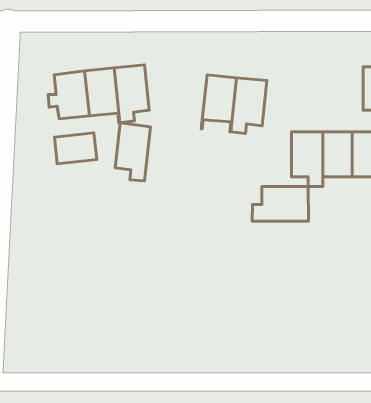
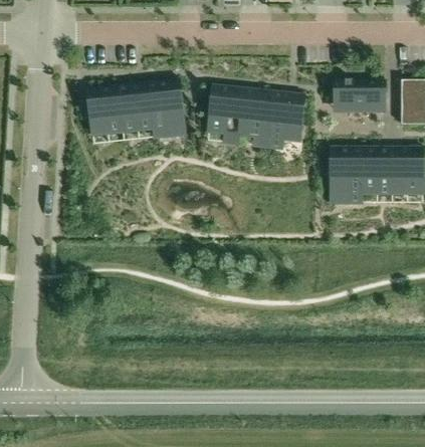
building: none -> [335,82,385,113]
building: [115,123,150,181] -> [208,87,244,147]
building: [54,133,97,164] -> none
building: [252,187,308,221] -> none

